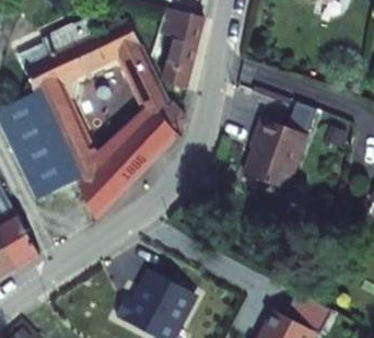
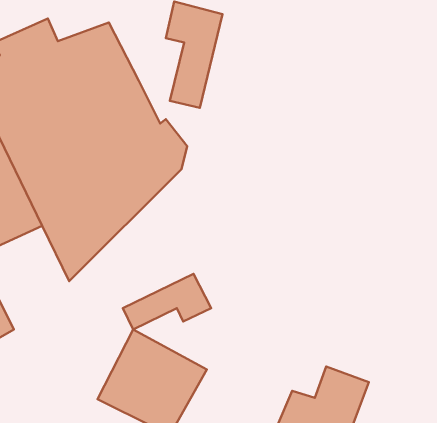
building: [255,119,317,190] -> none
building: none -> [123,274,211,330]

